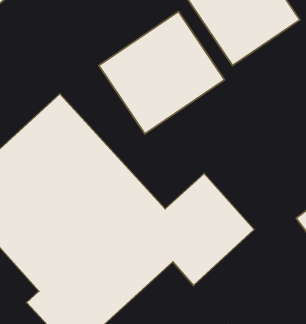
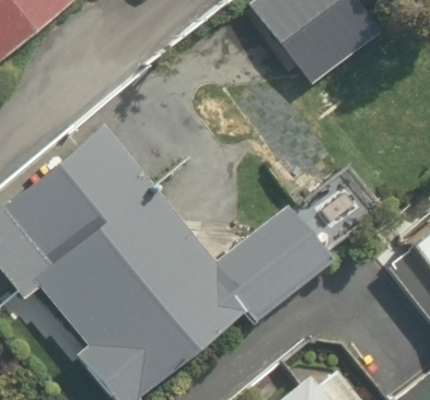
building: [99,12,225,134] -> none

